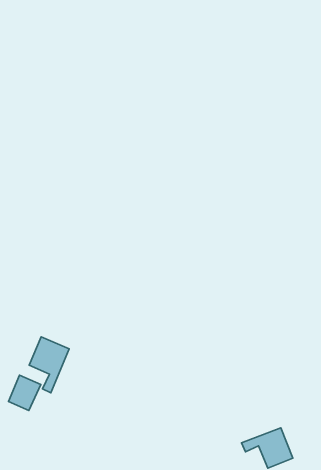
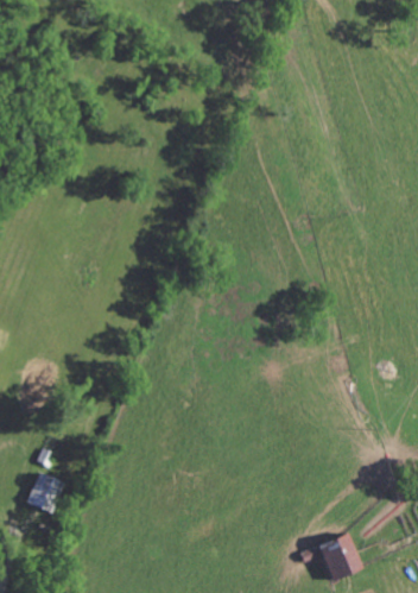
building: [29,337,69,393] -> none

